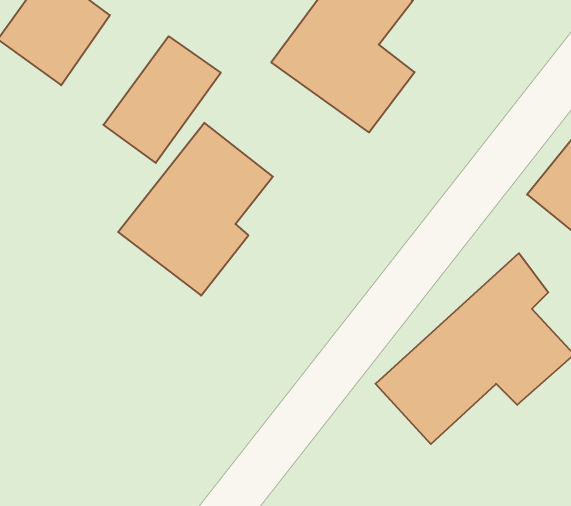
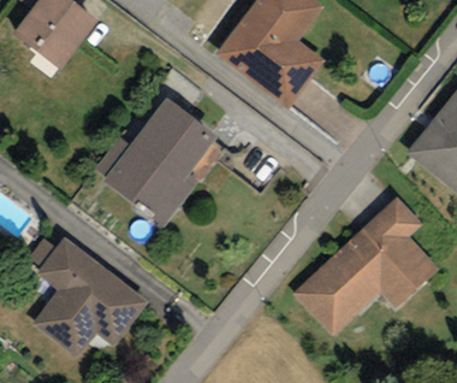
building: [103,36,221,163] -> none
building: none -> [30,235,147,355]

